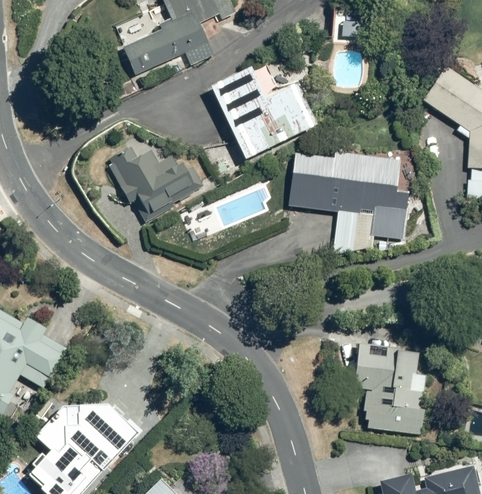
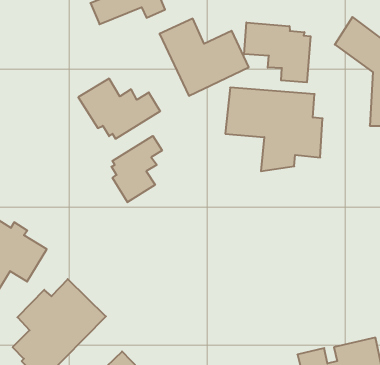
building: none -> [244,22,311,82]
building: none -> [111,136,162,202]
building: [352,342,429,432] -> none

